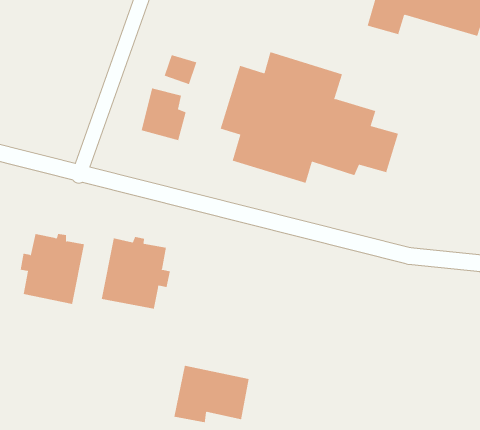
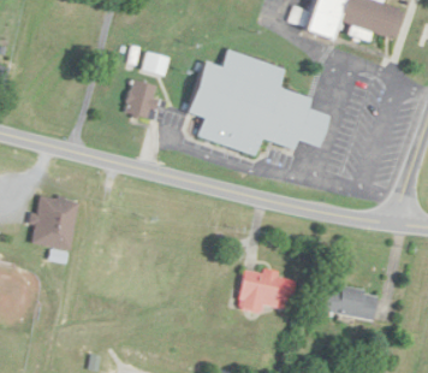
building: [101,236,170,310] -> none
building: none -> [322,283,378,320]
building: [174,365,249,423] -> [236,266,296,312]

